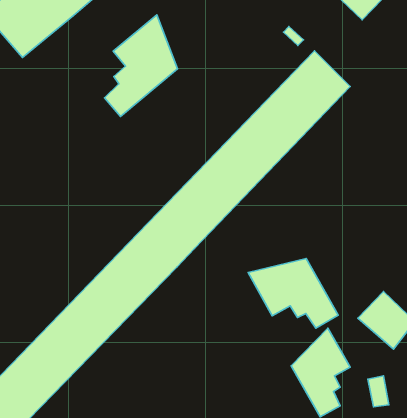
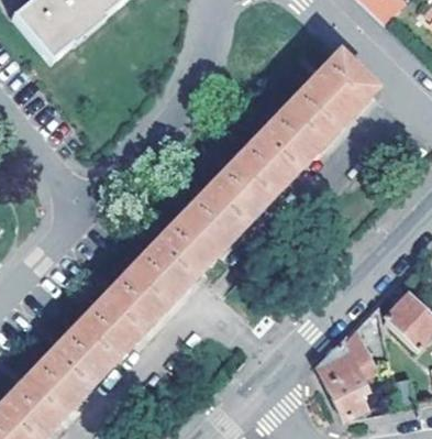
building: [104,15,178,117] -> none
building: [248,258,338,328] -> none

